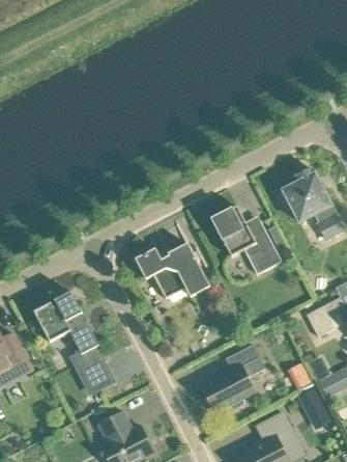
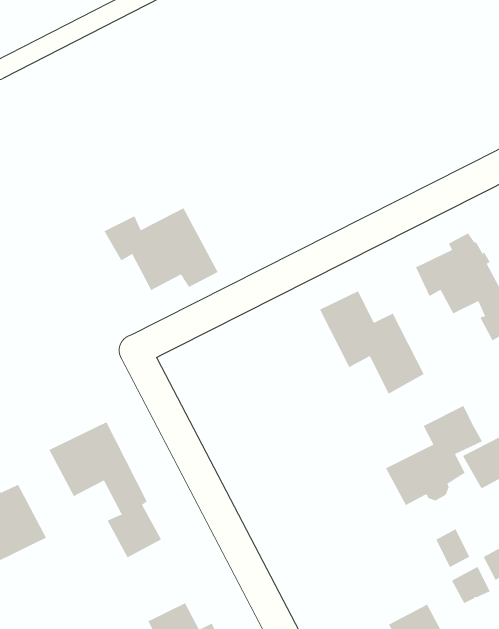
building: [135,243,210,298] -> [104,207,218,291]
building: [201,345,265,411] -> [385,405,483,506]

